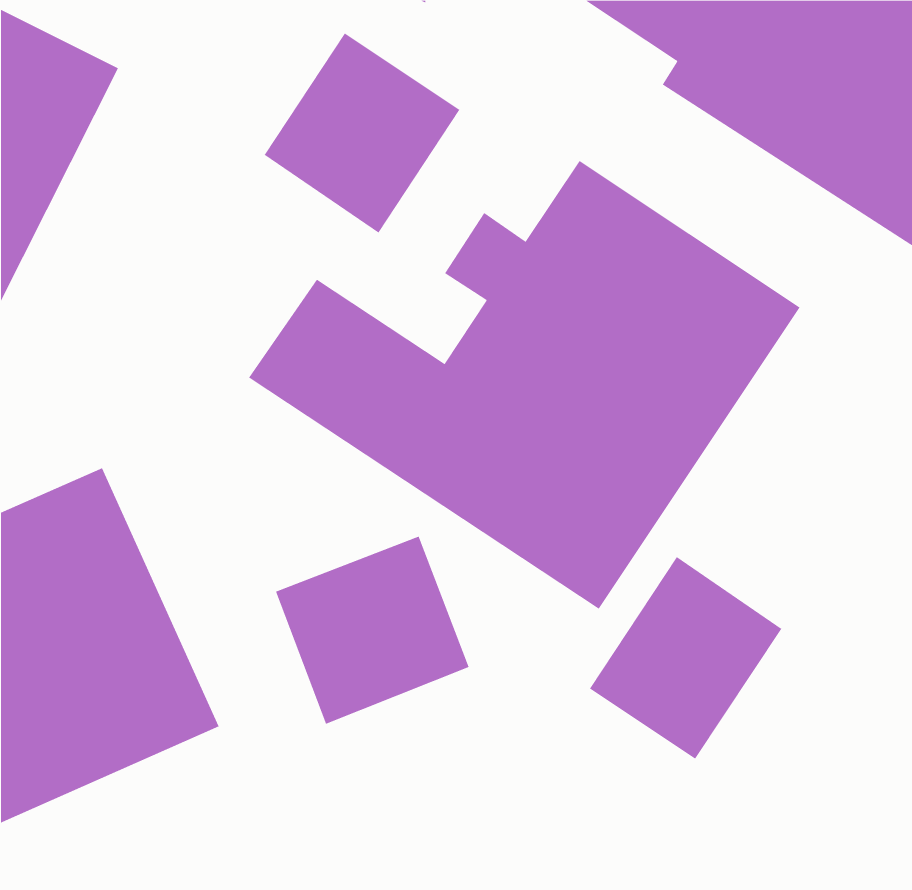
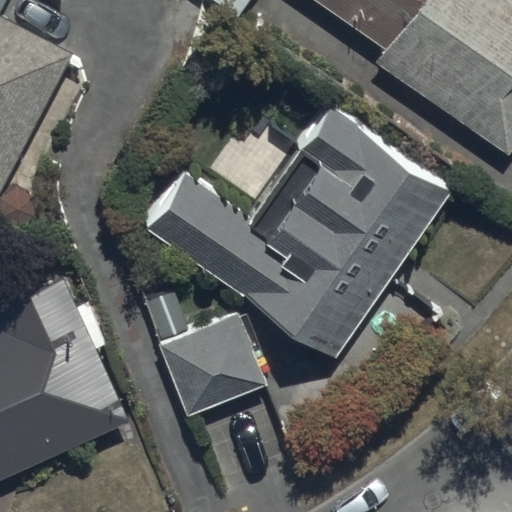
building: [264,33,460,234] -> none
building: [589,556,782,760] -> none

